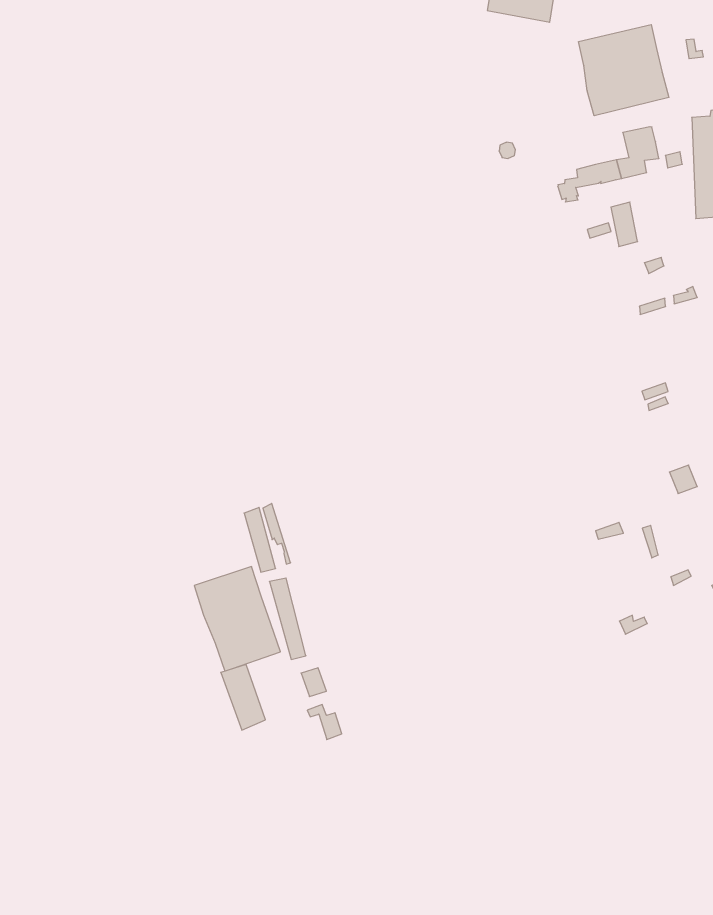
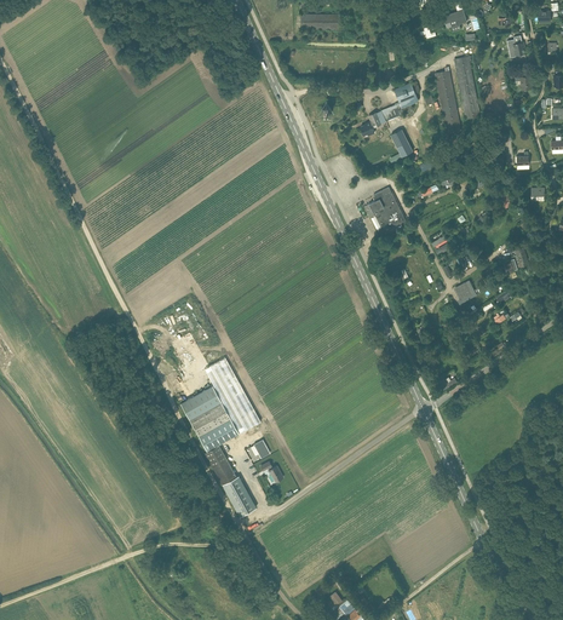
building: [579,25,669,116] -> none
building: none -> [363,186,407,234]
building: none -> [222,475,254,516]

